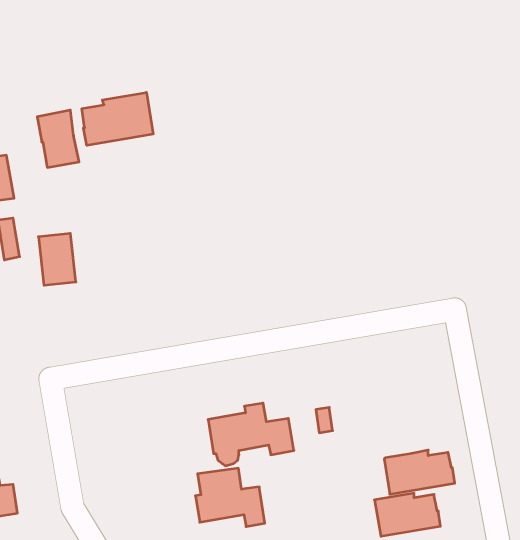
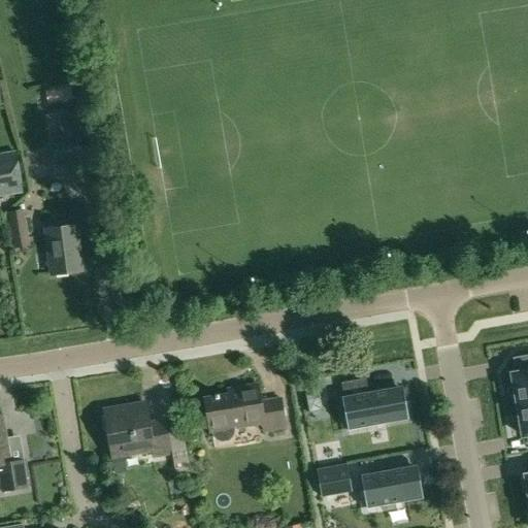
building: [82,92,153,145] -> none
building: [384,450,455,494] -> [342,388,408,429]
building: [195,468,265,527] -> [106,402,171,457]
building: none -> [317,463,350,496]

